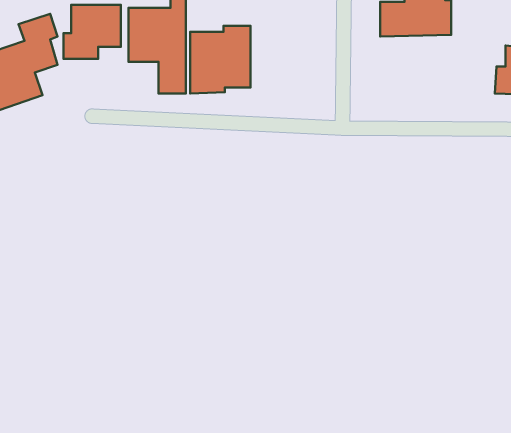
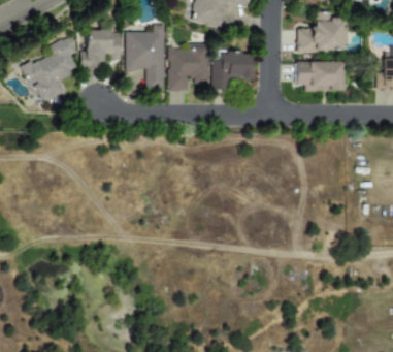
building: none -> [214,53,253,90]
building: none -> [297,61,343,92]

